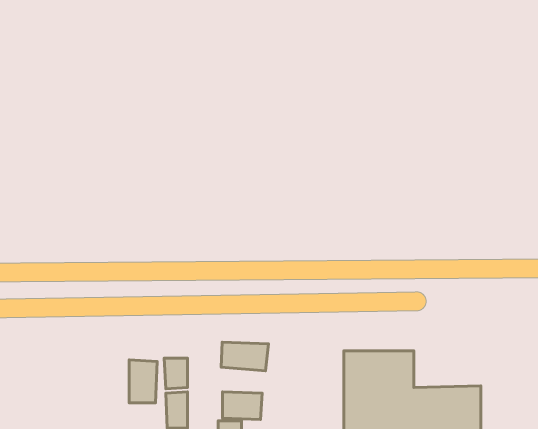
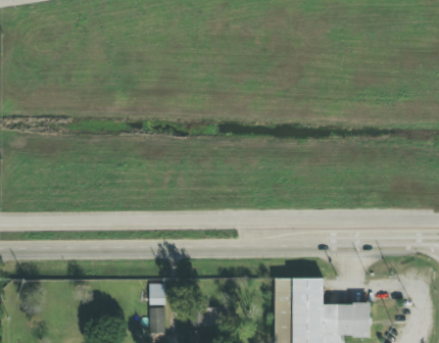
building: [221,342,268,371] -> none
building: [129,360,157,403] -> none

